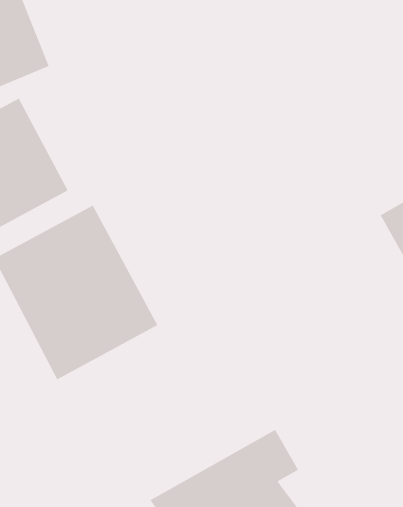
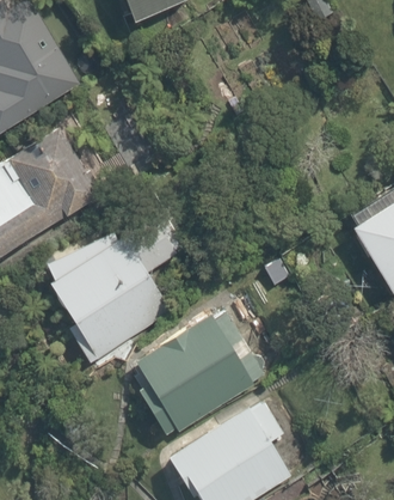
building: none -> [127,307,267,437]

